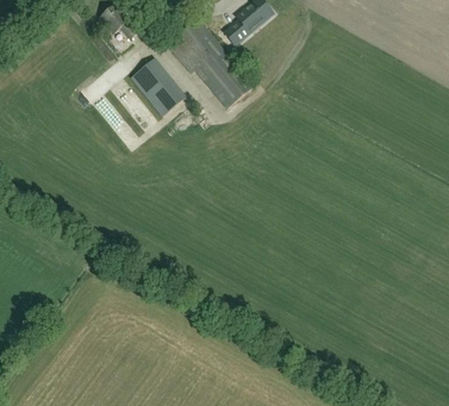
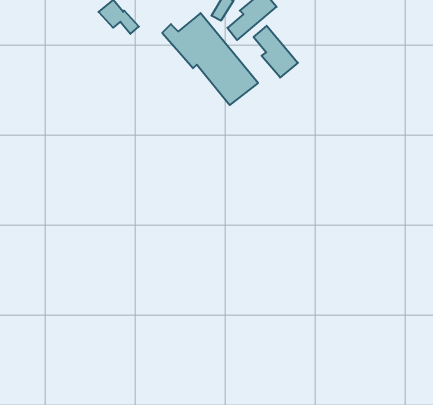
building: none -> [254,26,298,78]
building: [130,58,186,117] -> none

